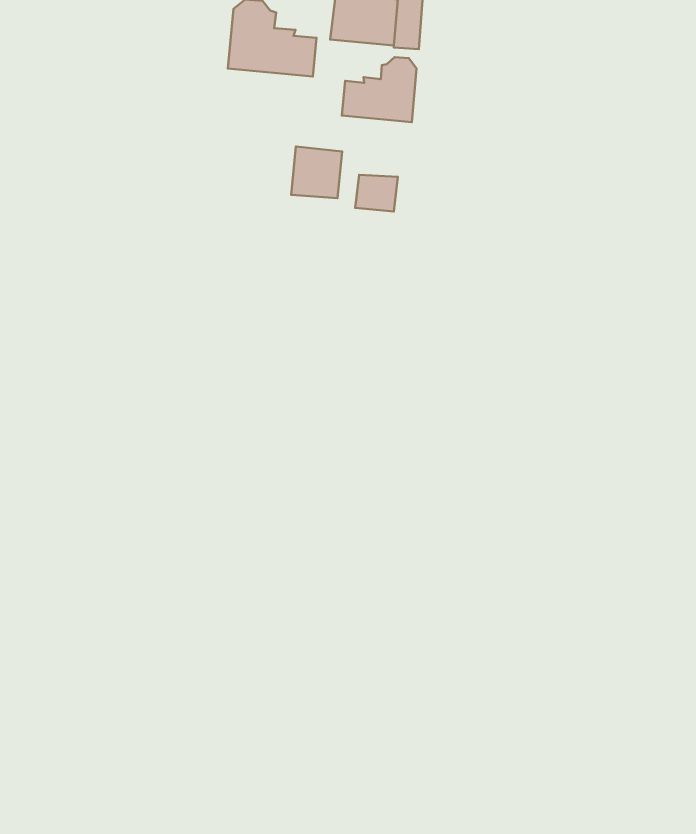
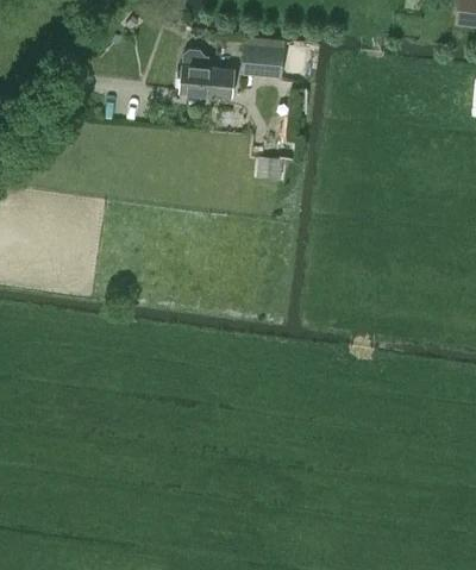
building: [342,57,417,122] -> none
building: [291,147,342,198] -> none

